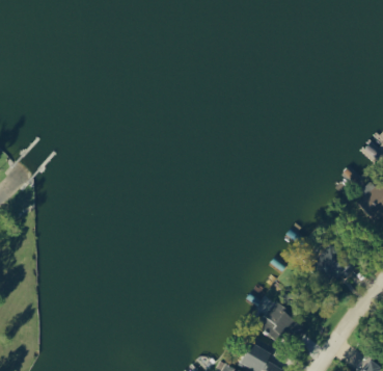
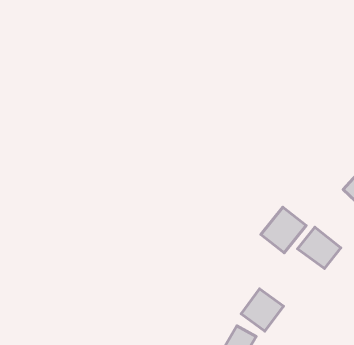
building: none -> [261,207,306,253]

